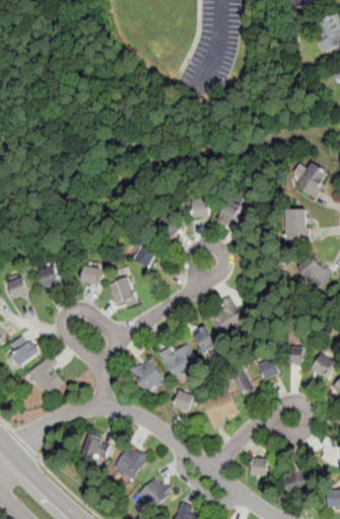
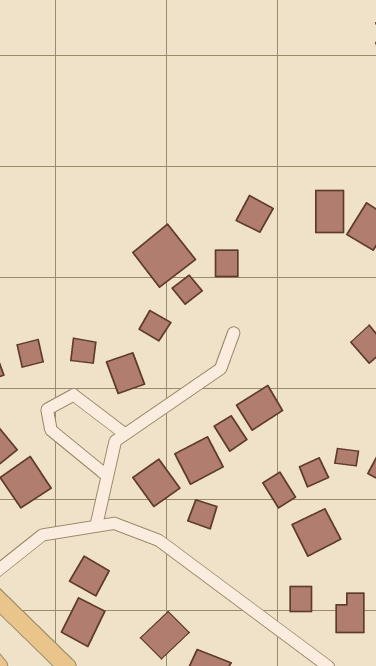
building: none -> [133,224,196,287]
building: [217,199,246,227] -> [236,195,273,232]
building: [285,208,307,240] -> [316,190,343,233]
building: [200,389,237,426] -> [292,509,341,556]
building: [113,444,146,481] -> [61,598,105,647]

